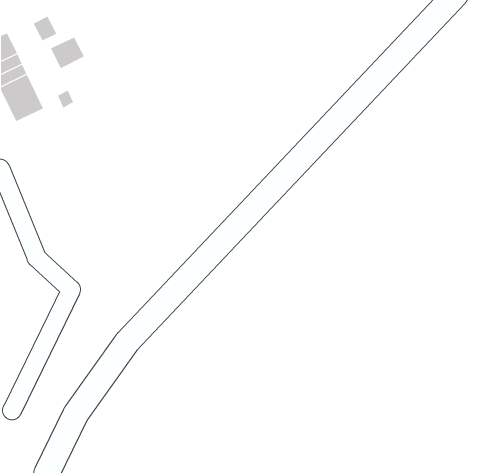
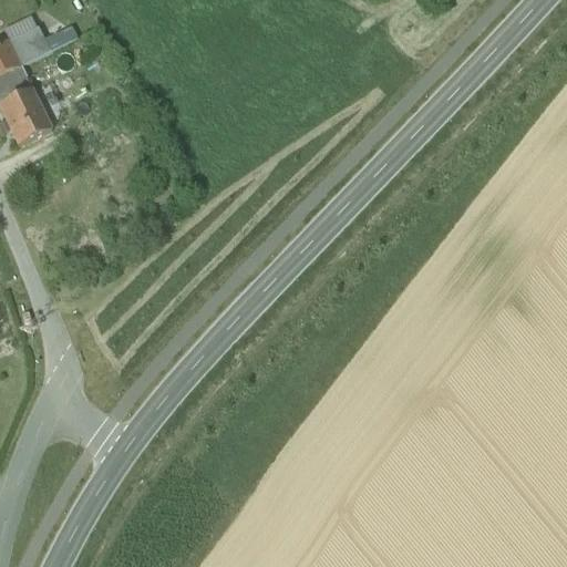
building: [50,37,85,69] -> [9,25,50,63]

